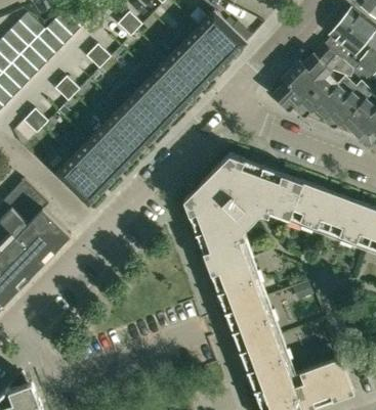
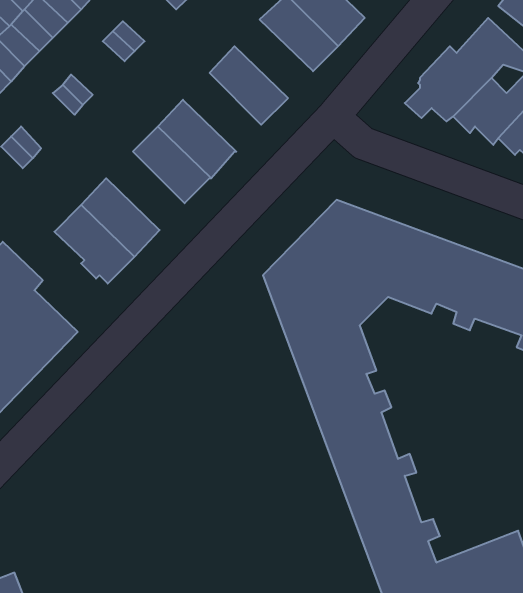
building: [166,43,214,91] -> none
building: [134,76,182,124] -> none
building: [87,124,135,172] -> none

